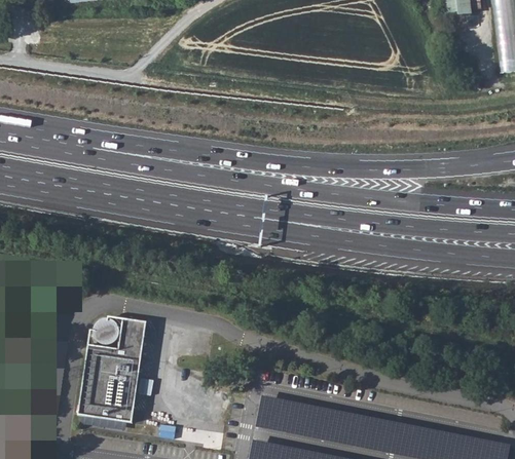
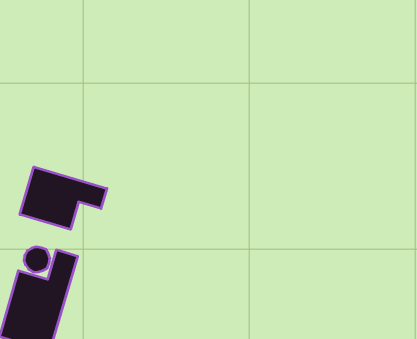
building: none -> [20,167,107,229]

